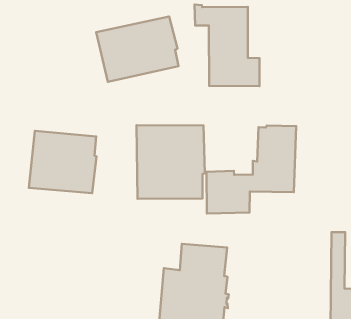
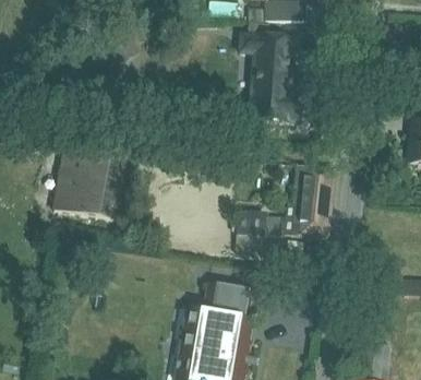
building: [96,16,179,82] -> none
building: [136,125,205,199] -> none

